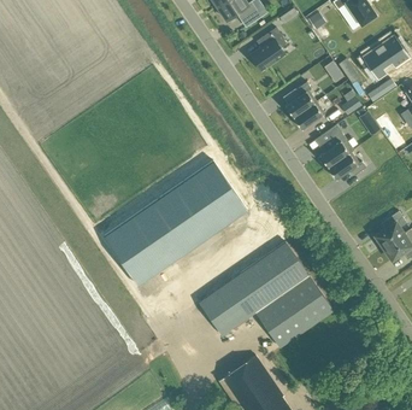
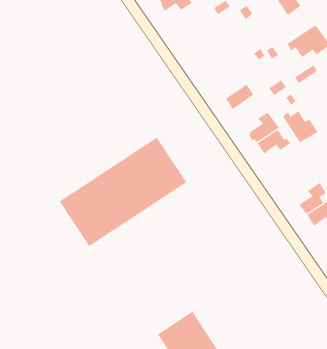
building: [249,27,286,70] -> none
building: [283,81,316,117] -> none
building: none -> [282,111,318,143]
building: [198,244,332,348] -> none

